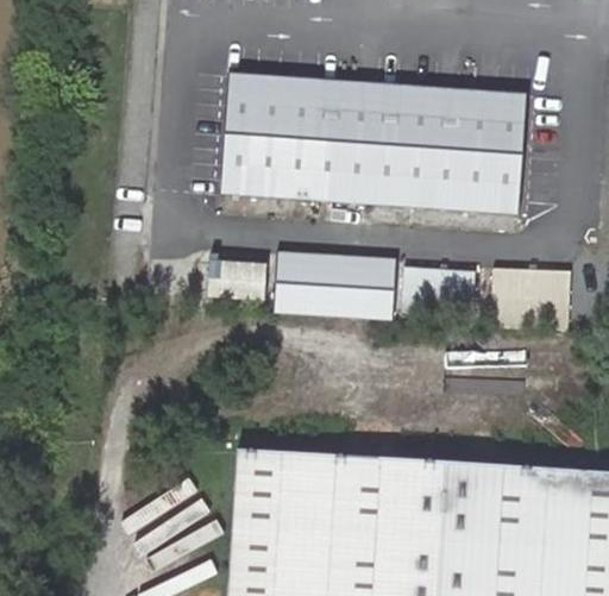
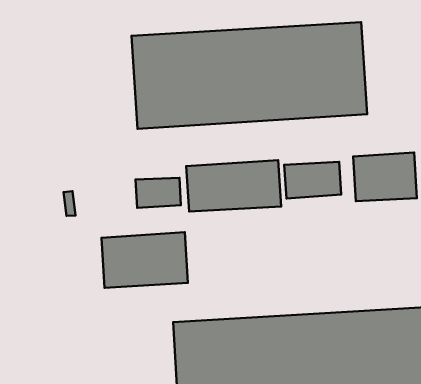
building: none -> [101,232,188,288]

